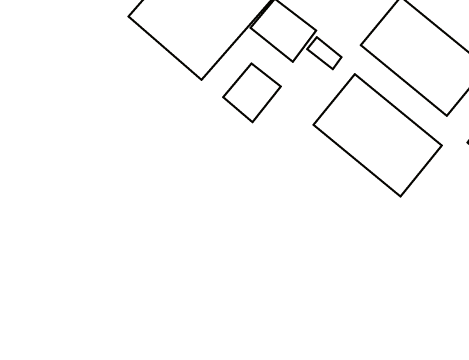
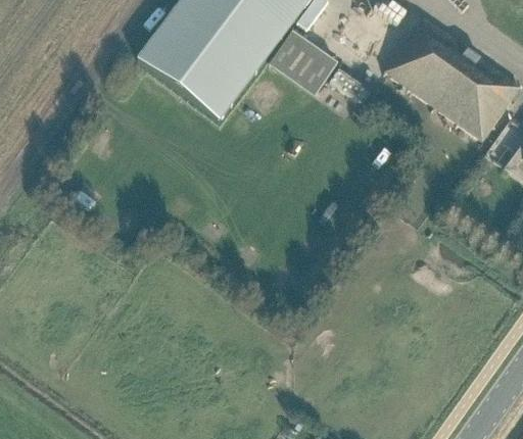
building: [223,64,281,122] -> none
building: [313,74,442,196] -> none

